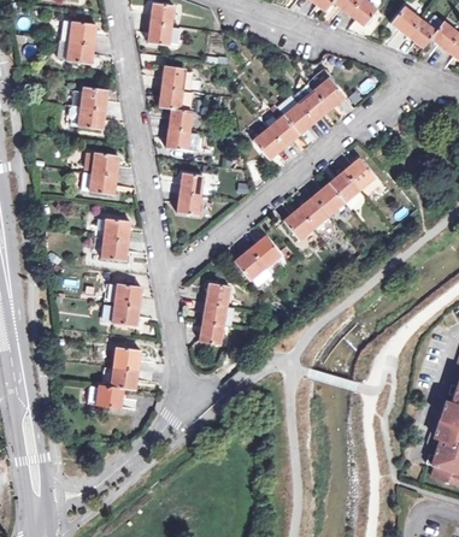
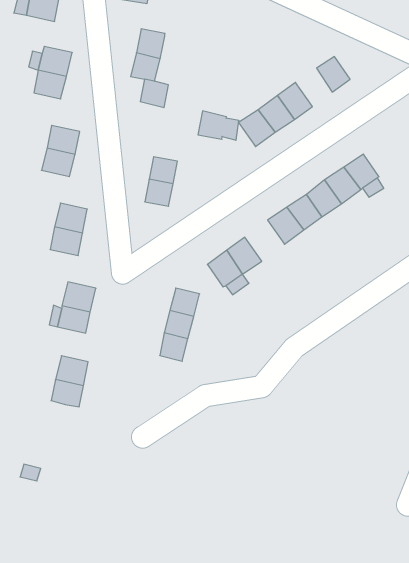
building: [299,89,330,122] -> none
building: [166,128,200,151] -> [198,111,239,140]
building: [88,384,123,408] -> none

